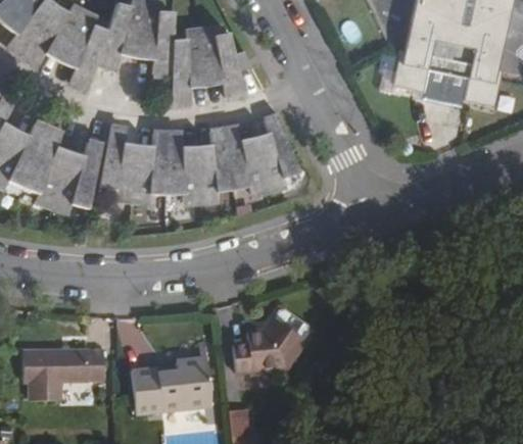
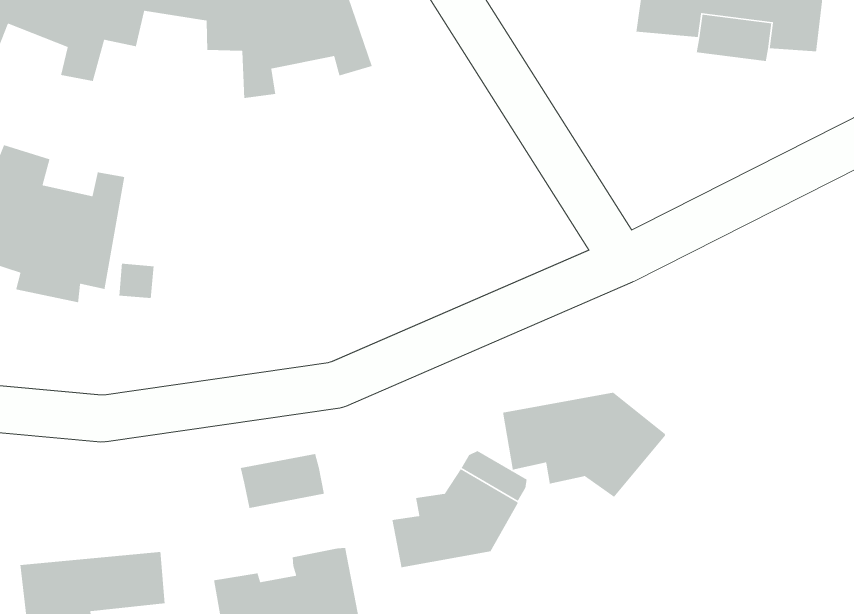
building: [99,113,295,201] -> none
building: none -> [502,392,666,498]
building: none -> [240,453,325,509]

